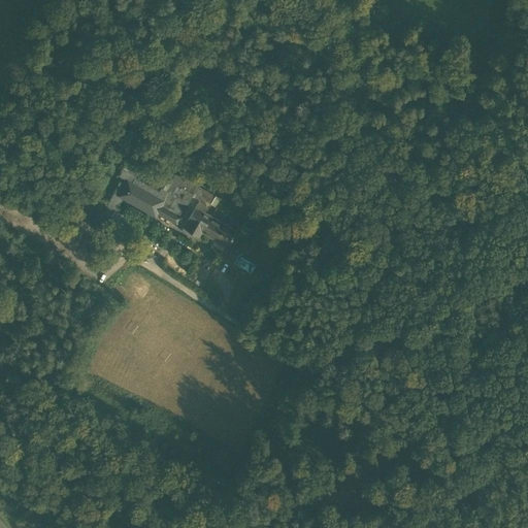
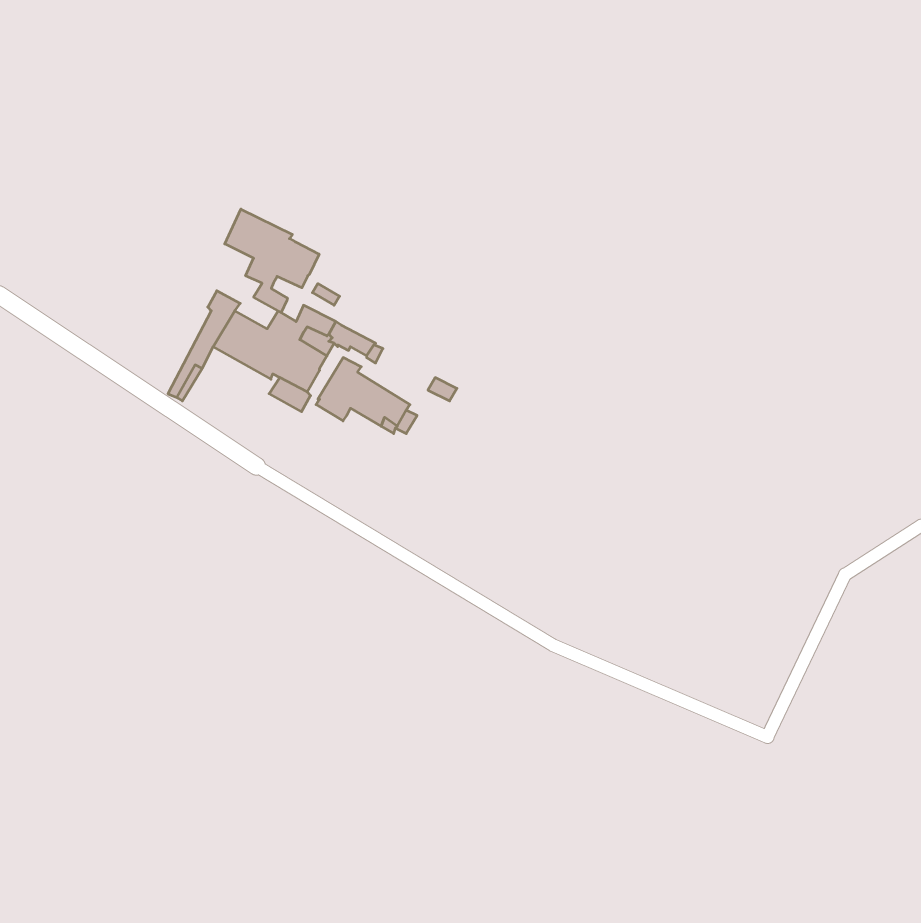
building: none -> [225,209,319,312]

